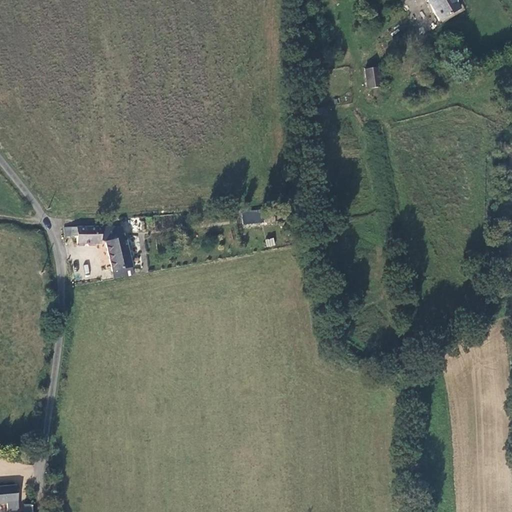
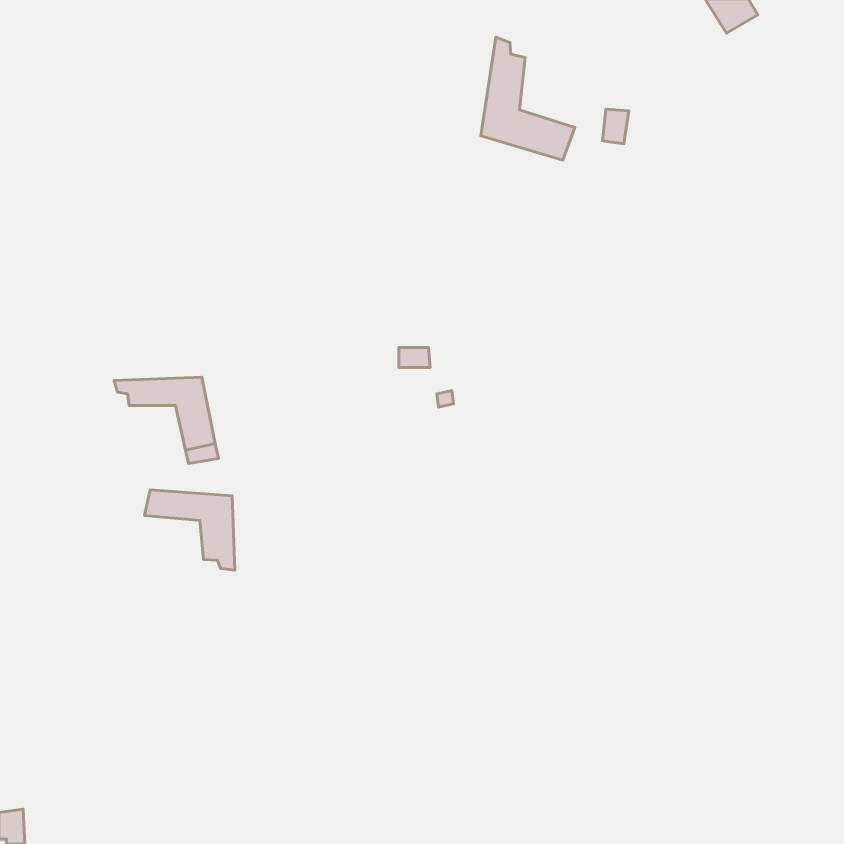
building: none -> [481,37,575,160]
building: none -> [144,490,235,570]

